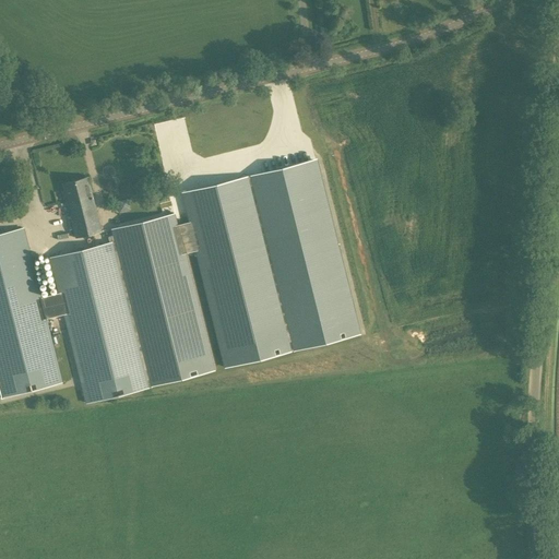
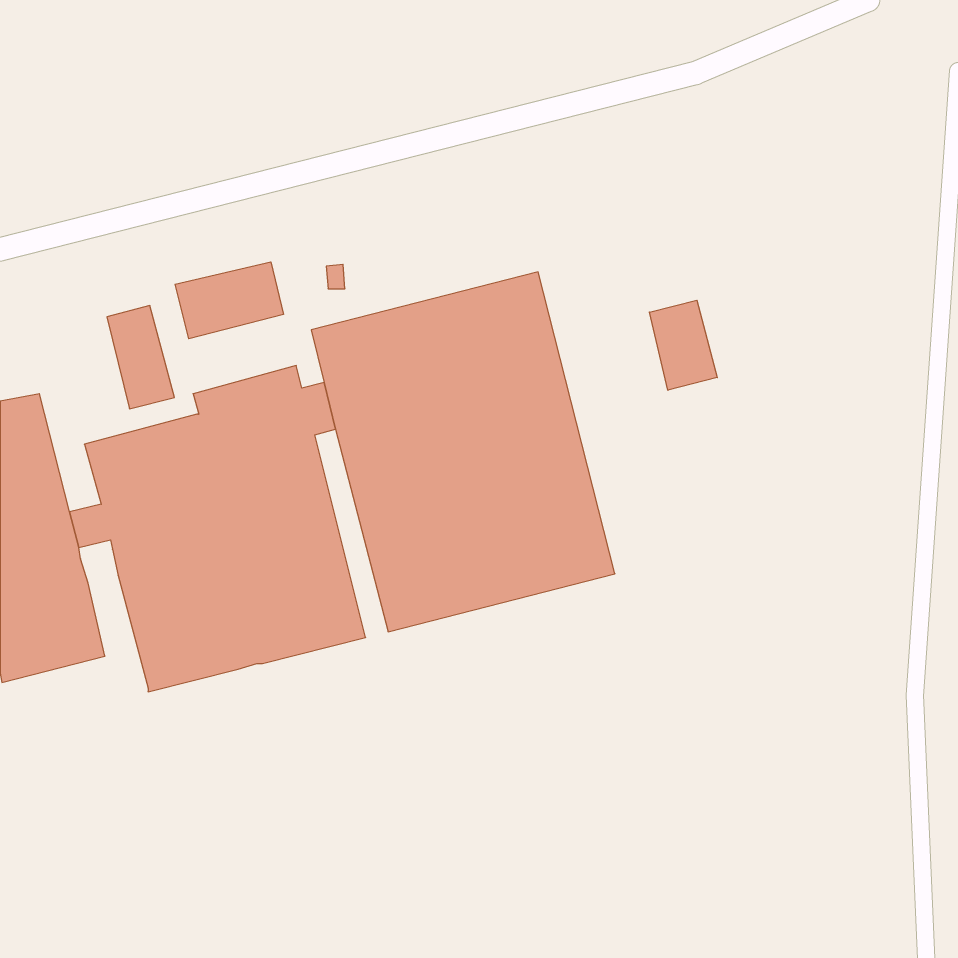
building: none -> [175,262,283,339]
building: none -> [649,300,717,390]

